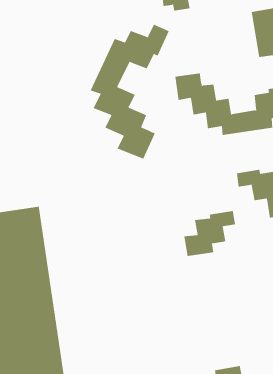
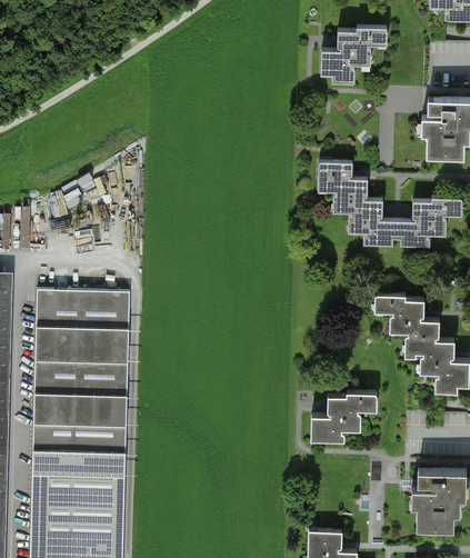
building: [90,24,170,160] -> none
building: [183,210,236,256] -> [306,392,372,440]

